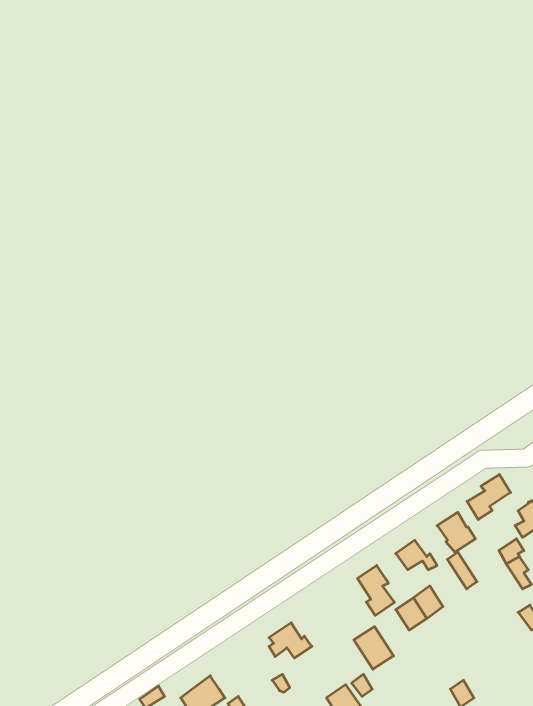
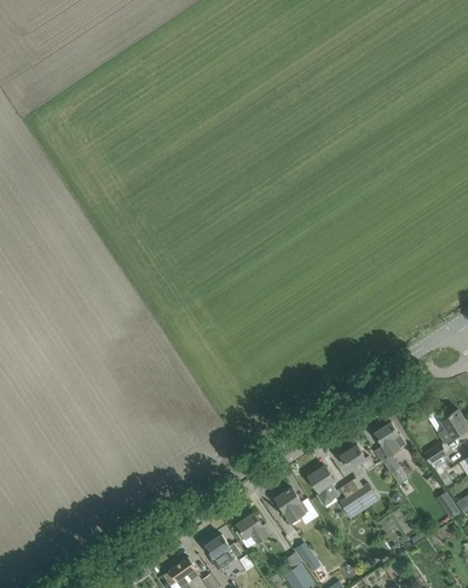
building: [467,474,511,520] -> none
building: [354,627,394,669] -> [275,488,307,523]
building: none -> [204,535,241,570]

